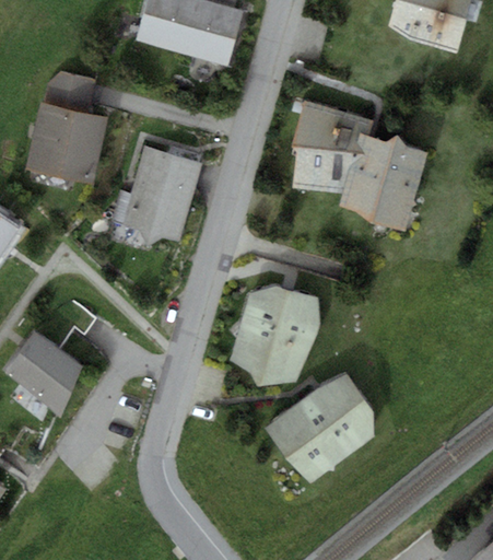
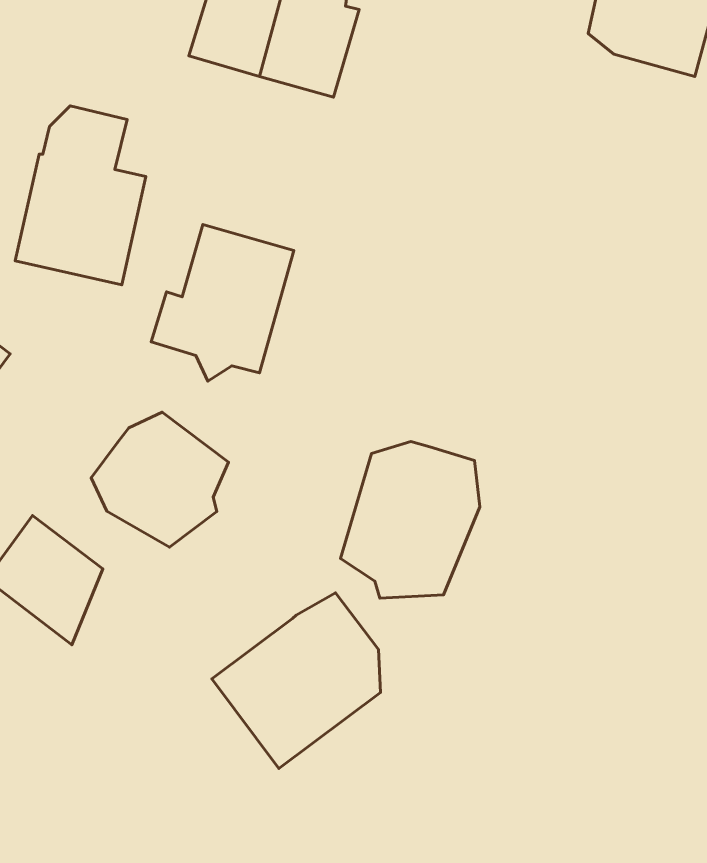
building: [291,100,426,231] -> none
building: none -> [91,412,229,547]
building: [266,373,373,485] -> [212,593,380,768]

